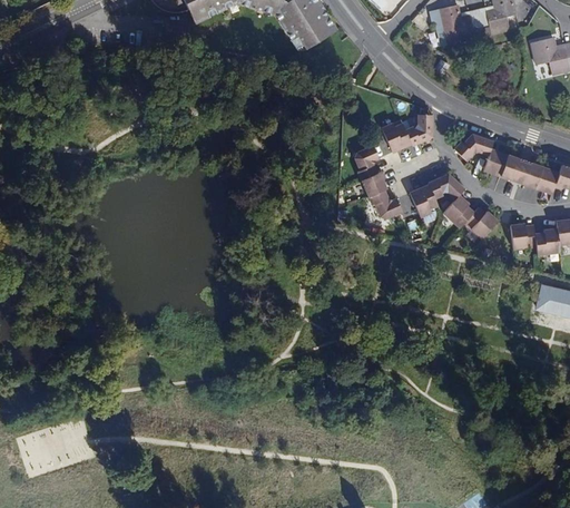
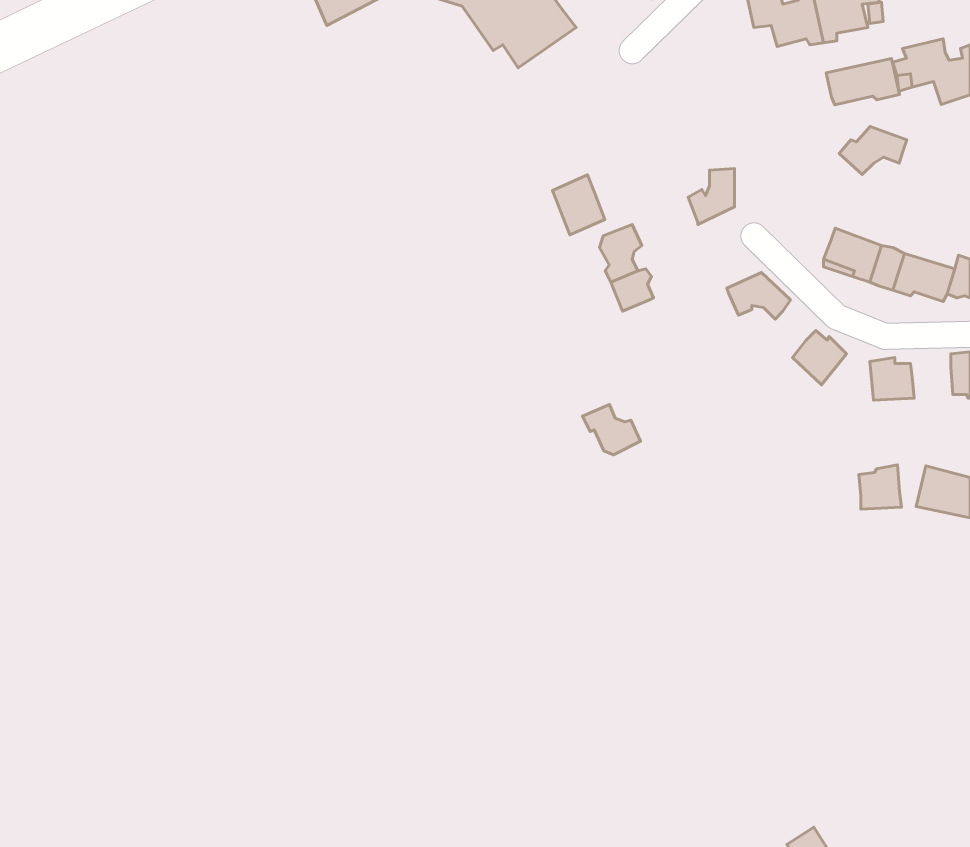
building: none -> [826,59,900,105]
building: [381,118,411,153] -> [553,175,605,235]
building: [453,133,492,160] -> [839,126,907,175]
building: [409,185,439,216] -> none
building: [367,188,401,217] -> [582,405,640,455]
building: [444,195,473,227] -> none
building: [534,227,559,253] -> [859,465,901,509]

